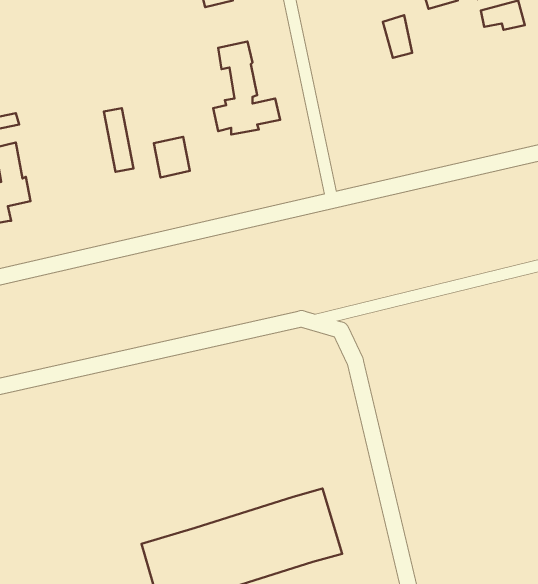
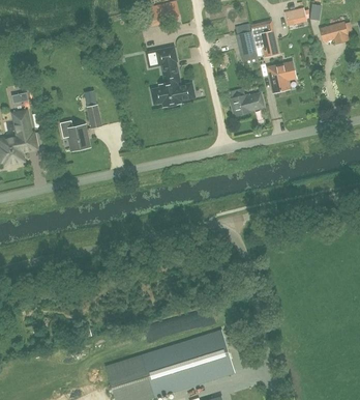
building: none -> [235,30,258,60]
building: none -> [268,61,297,92]
building: none -> [230,92,264,116]
building: [154,137,190,178] -> [67,124,90,150]

